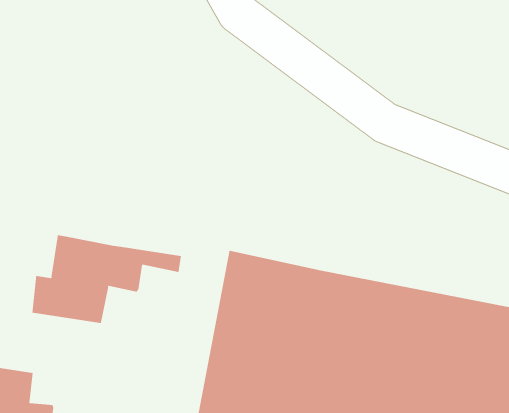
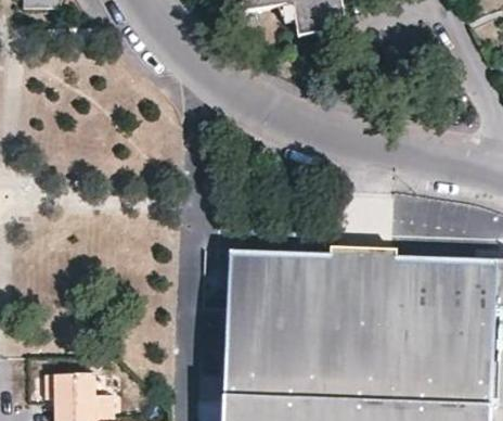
building: [32,235,181,324] -> none

